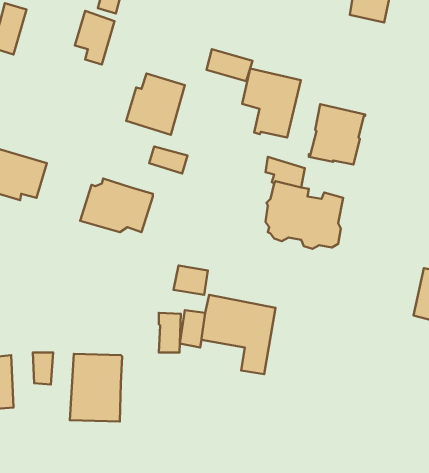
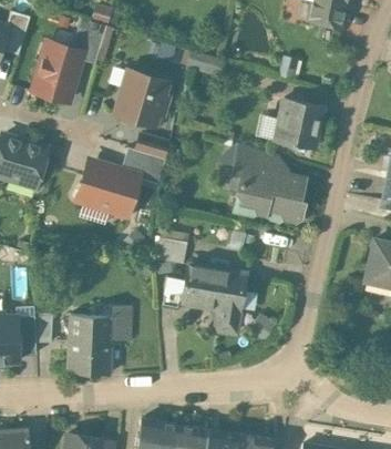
building: none -> [34,43,83,102]
building: [242,69,301,137] -> none
building: none -> [121,147,166,184]
building: [159,313,181,352] -> [112,306,131,340]

